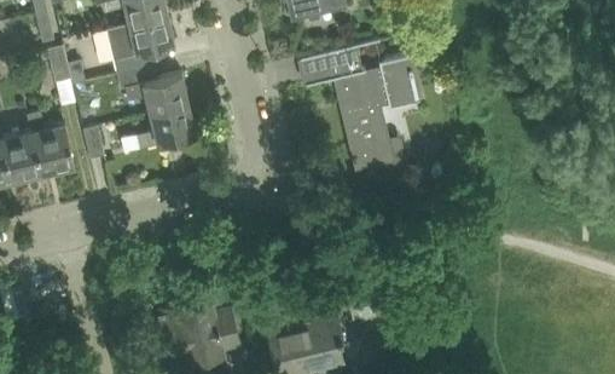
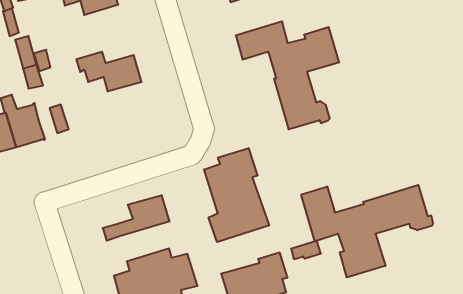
building: [111,17,175,77] -> none
building: [120,108,197,156] -> [103,195,170,241]
building: none -> [204,148,269,242]
building: none -> [301,185,433,277]

